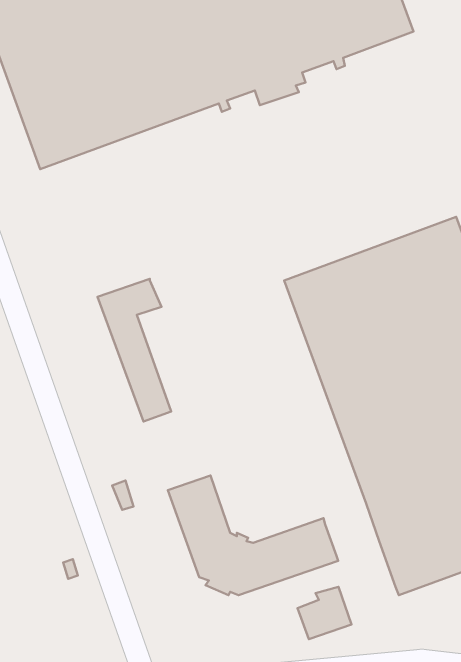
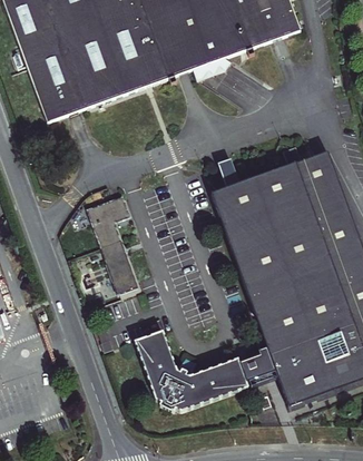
building: [297,587,352,639] -> [241,346,277,382]

